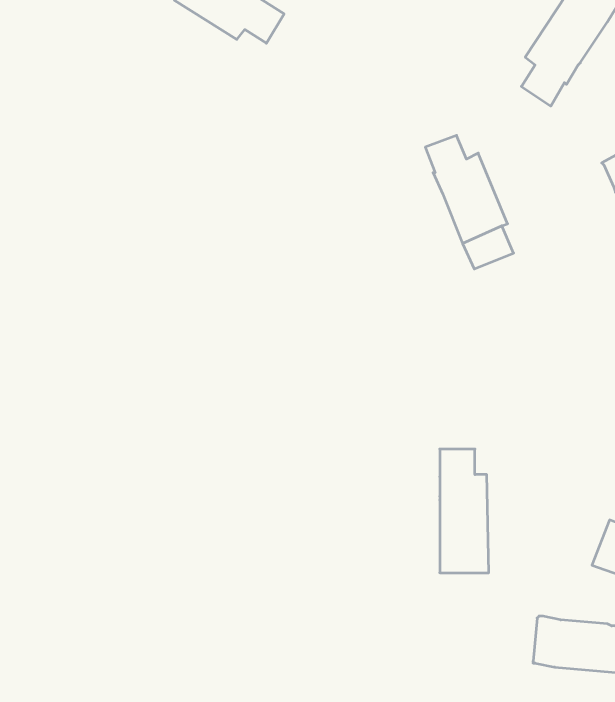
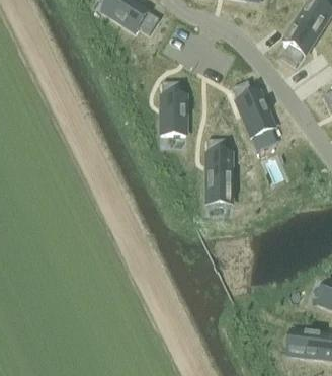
building: none -> [161,82,186,135]
building: [440,449,489,573] -> [206,140,232,204]

